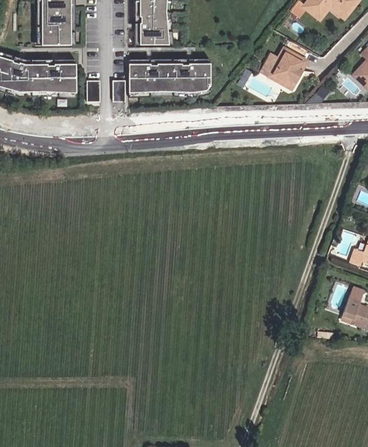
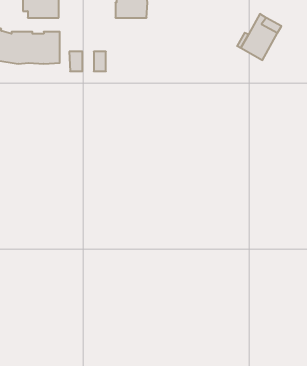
building: [128,59,210,93] -> none

